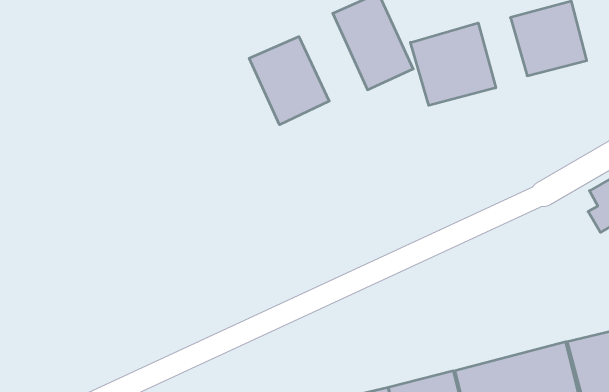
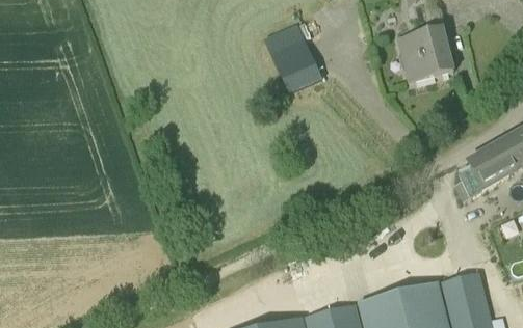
building: [410,23,496,105] -> none
building: [249,37,329,125] -> none

